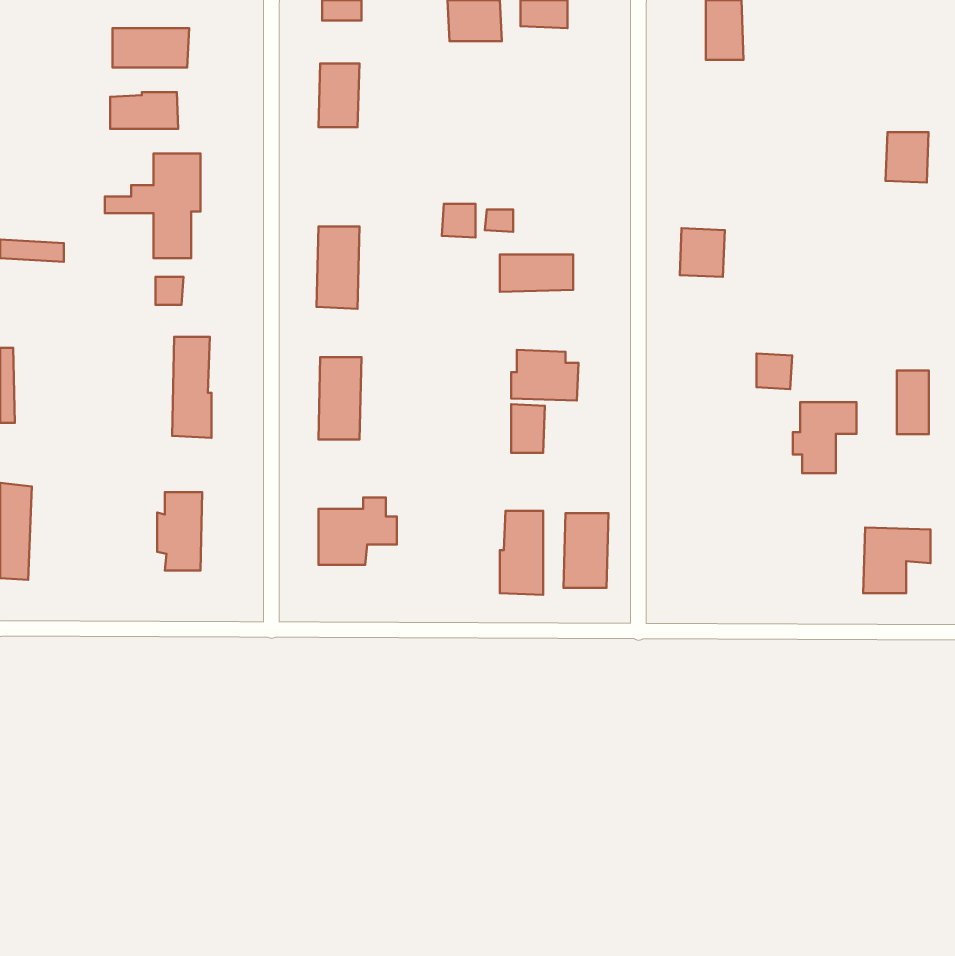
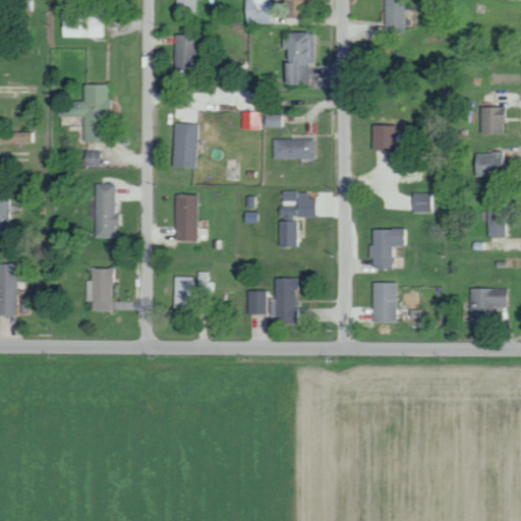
building: none -> [284,32,316,83]
building: [110,92,178,129] -> none
building: [886,132,929,183] -> [480,107,504,134]
building: none -> [475,152,507,176]
building: [793,402,856,473] -> [368,229,403,268]
building: [564,513,608,588] -> [372,282,397,323]
building: none -> [248,290,268,313]

